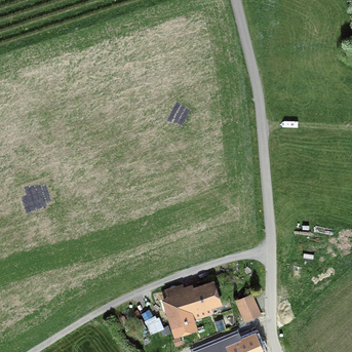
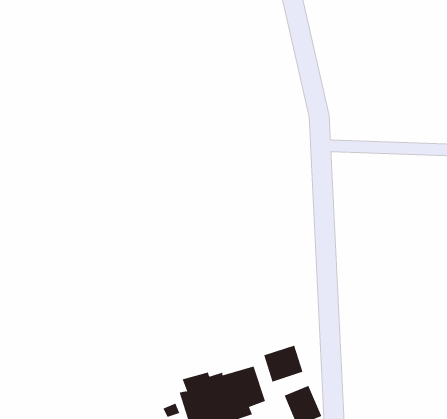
building: none -> [263,345,303,382]

